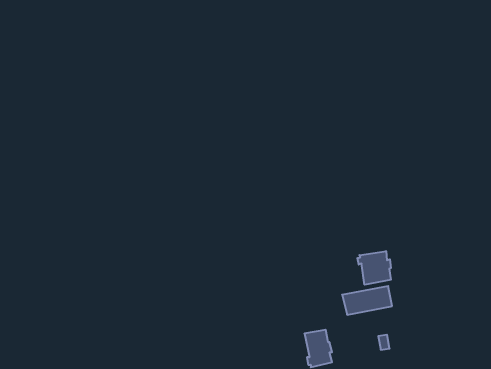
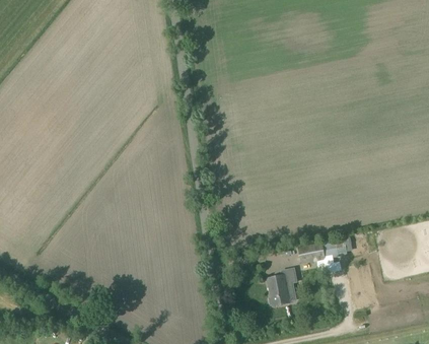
building: [357,251,391,285] -> none

